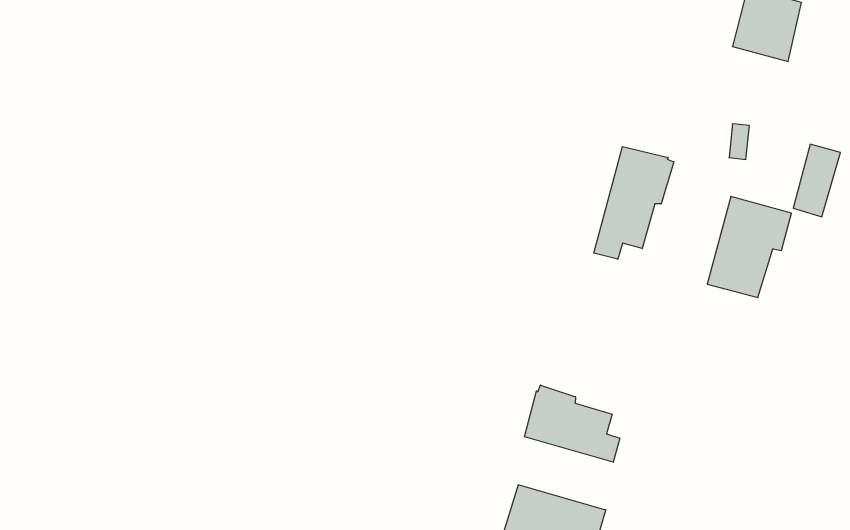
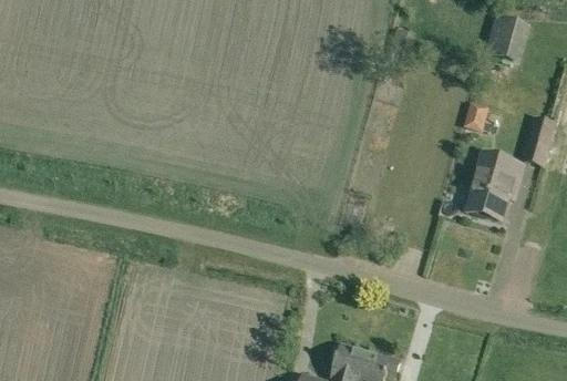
building: [594,147,674,259] -> none
building: [524,385,620,462] -> none

